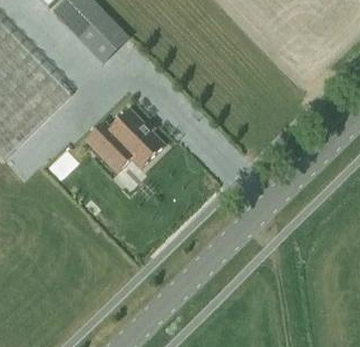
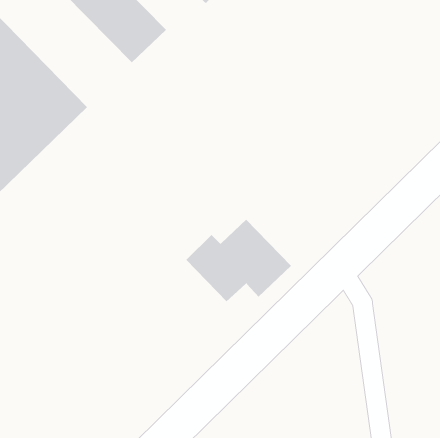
building: [85,109,163,170] -> [186,219,292,302]

